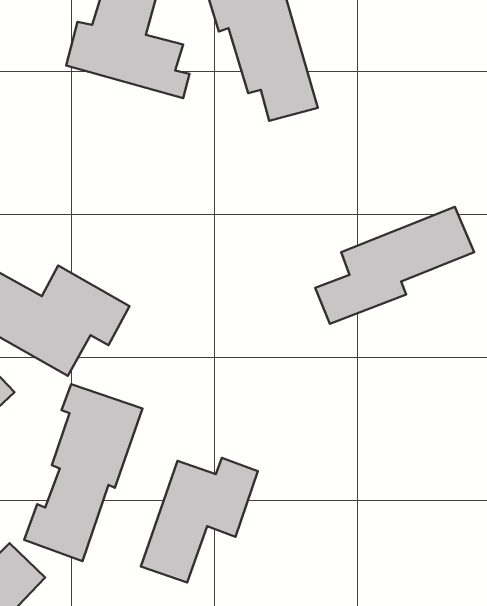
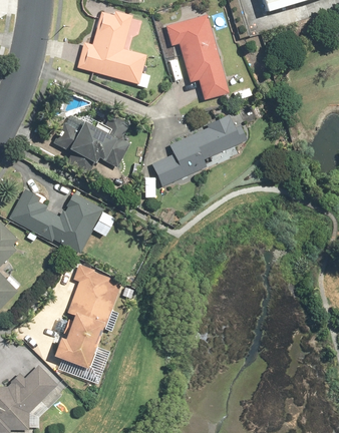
building: none -> [53,109,127,162]
building: [315,207,474,324] -> [149,114,248,186]
building: [141,458,258,582] -> none

